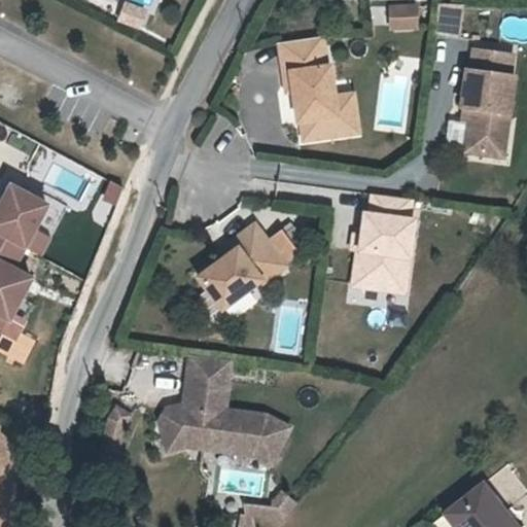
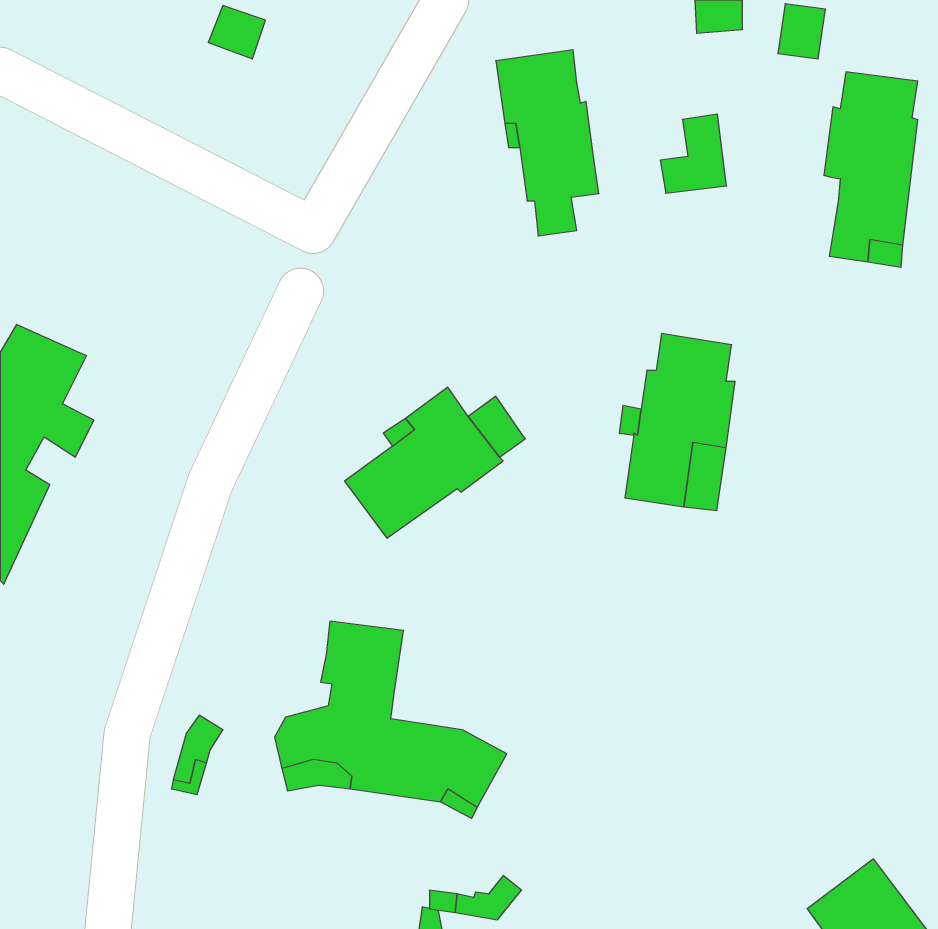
building: [321,92,358,136] -> [660,114,727,193]

